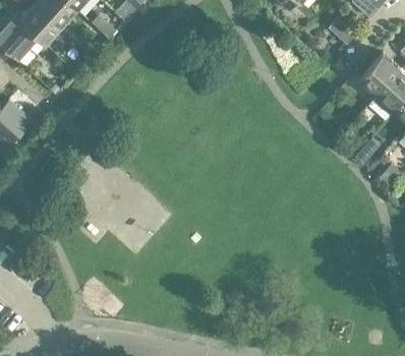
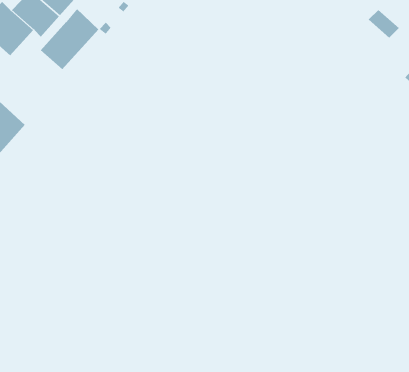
building: none -> [40,8,99,70]

